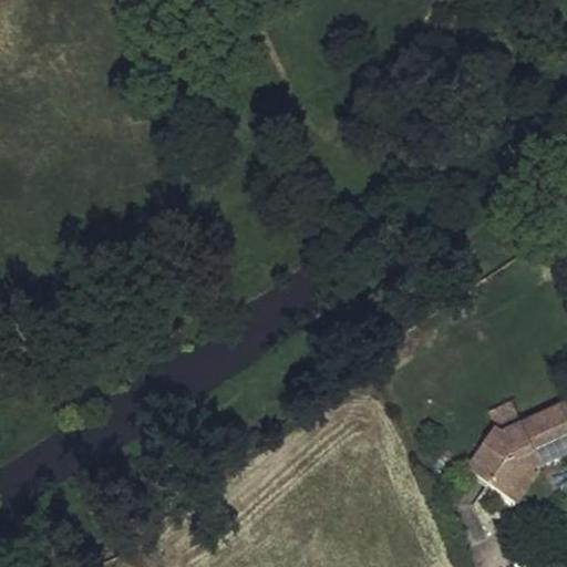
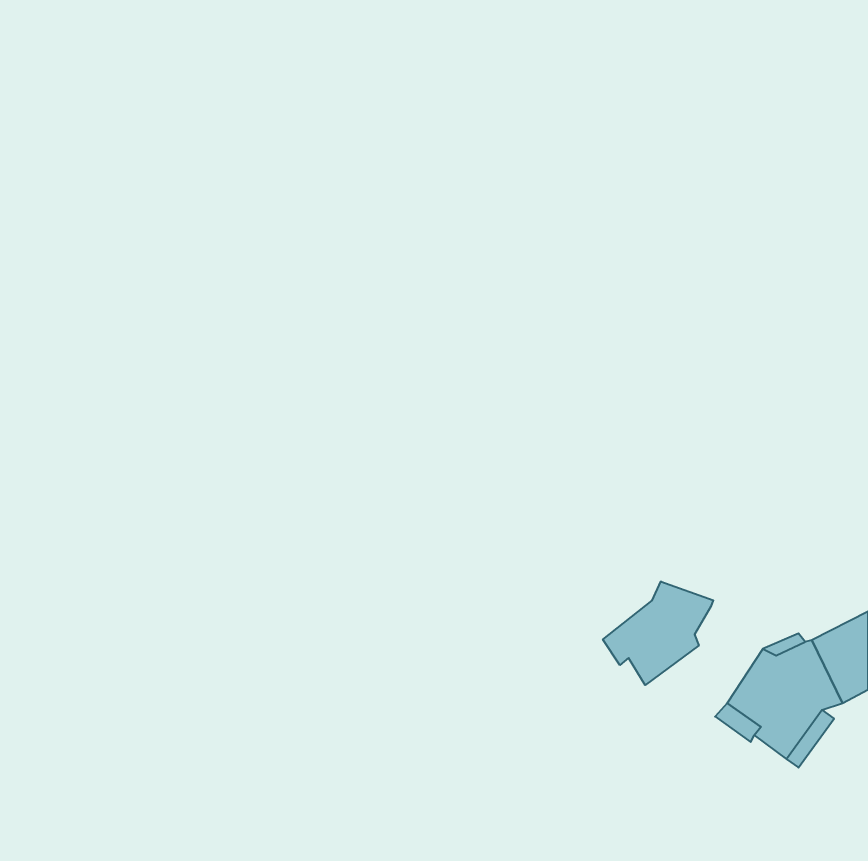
building: none -> [603,581,713,685]

